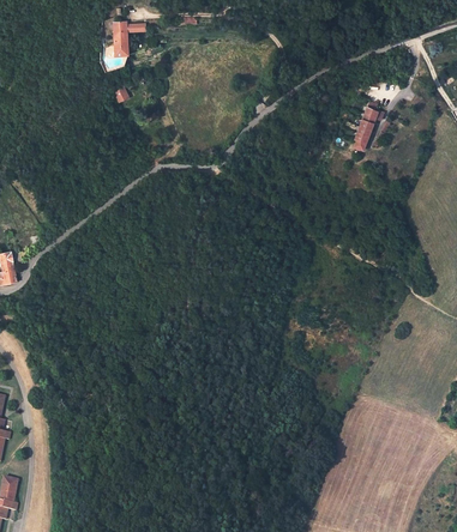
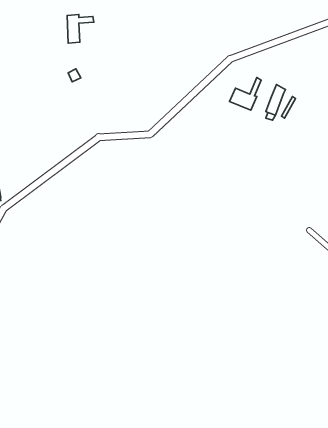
building: none -> [229,77,261,110]

